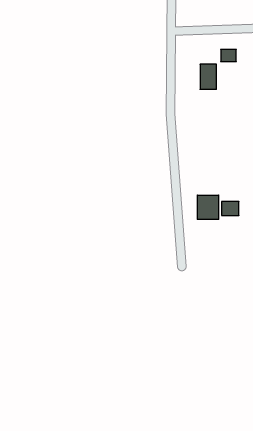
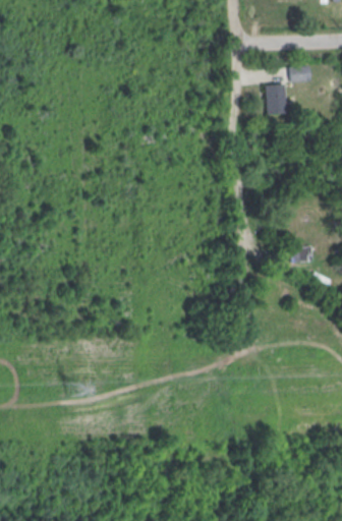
building: [197,195,219,219] -> none

